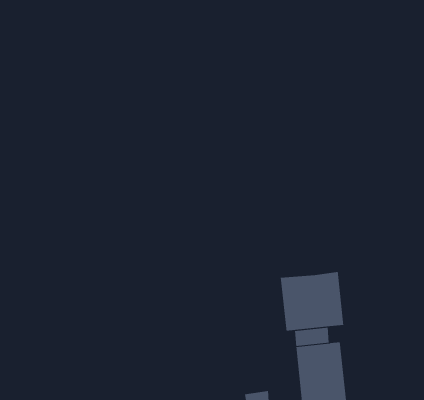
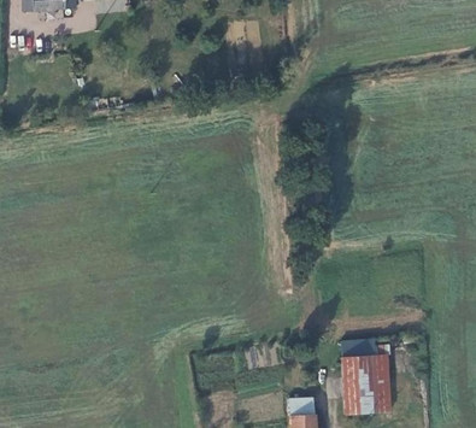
building: [280,271,344,332] -> none

